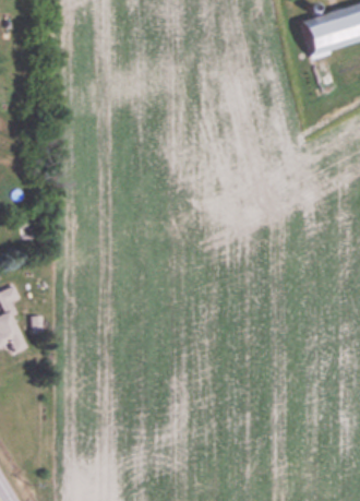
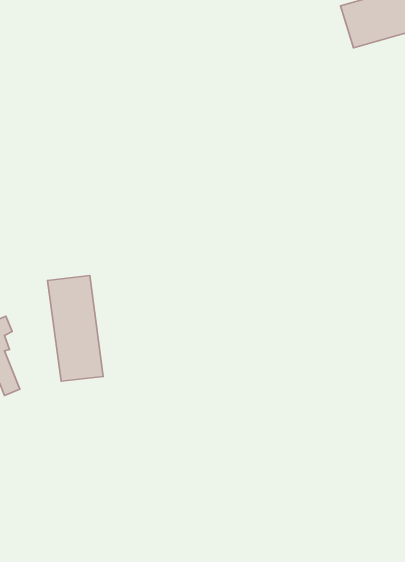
building: none -> [48,276,103,381]

